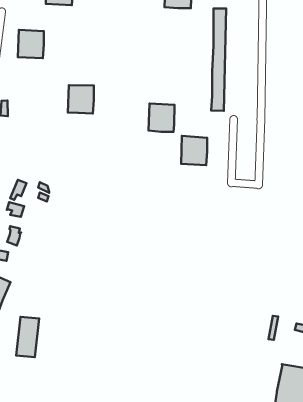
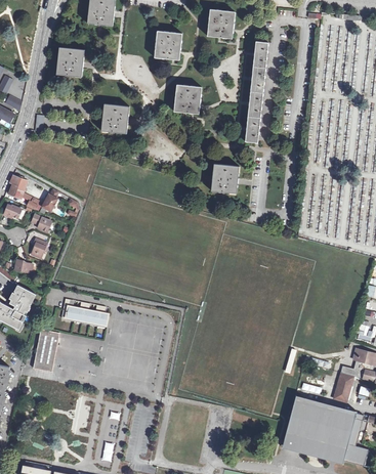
building: none -> [155,32,182,60]
building: [149,104,175,132] -> [173,85,201,115]
building: none -> [60,299,107,327]

